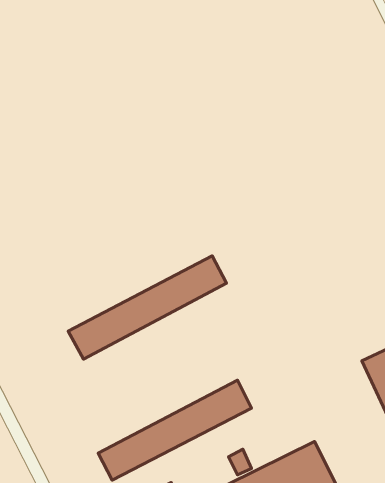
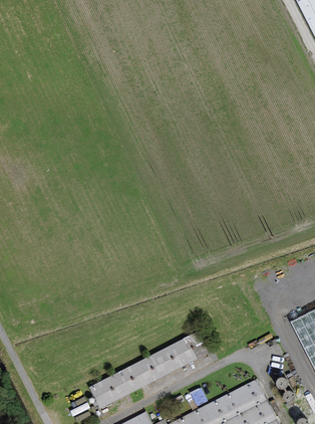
building: [68,256,226,359] -> none

